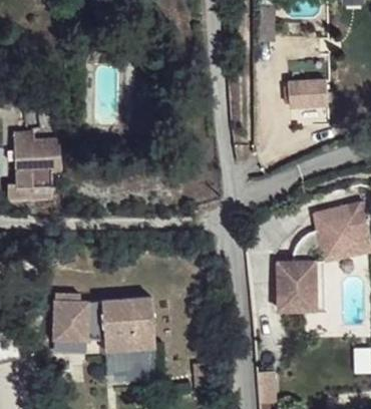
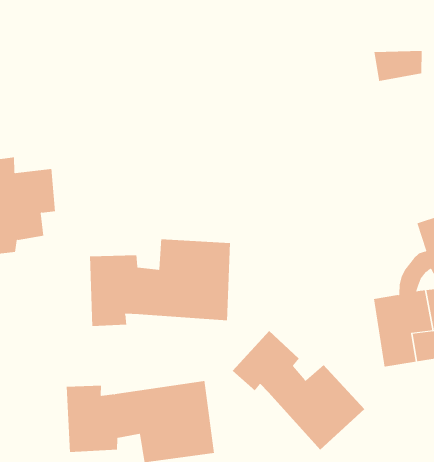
building: none -> [89,238,230,327]
building: none -> [232,330,365,450]

